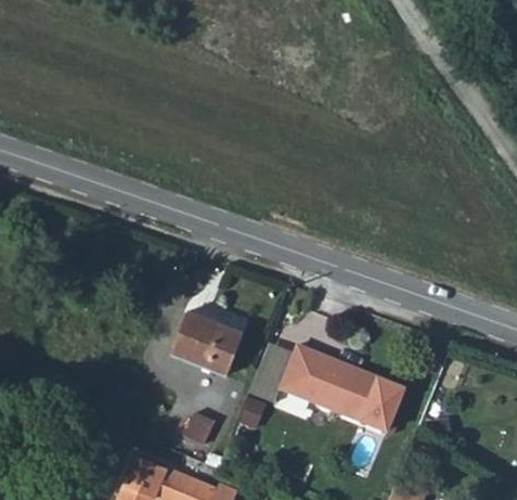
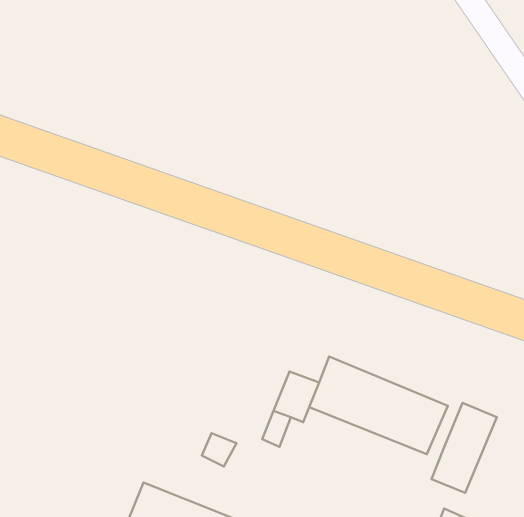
building: [175,312,244,374] -> none
building: none -> [431,403,497,493]

